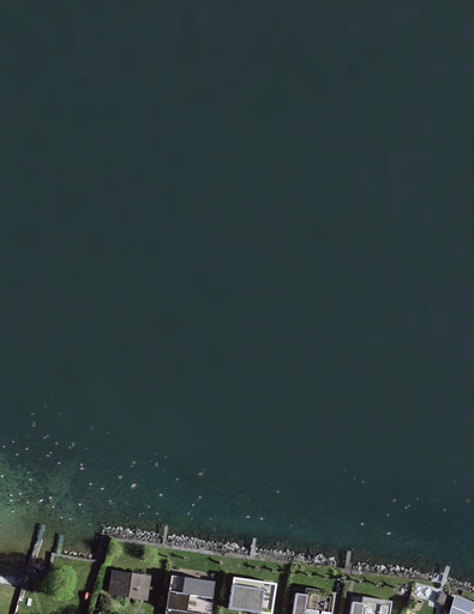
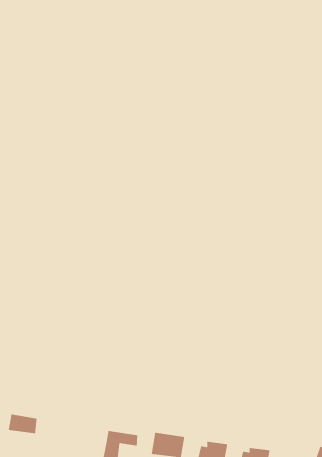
building: [109,571,149,598] -> [8,414,38,434]

